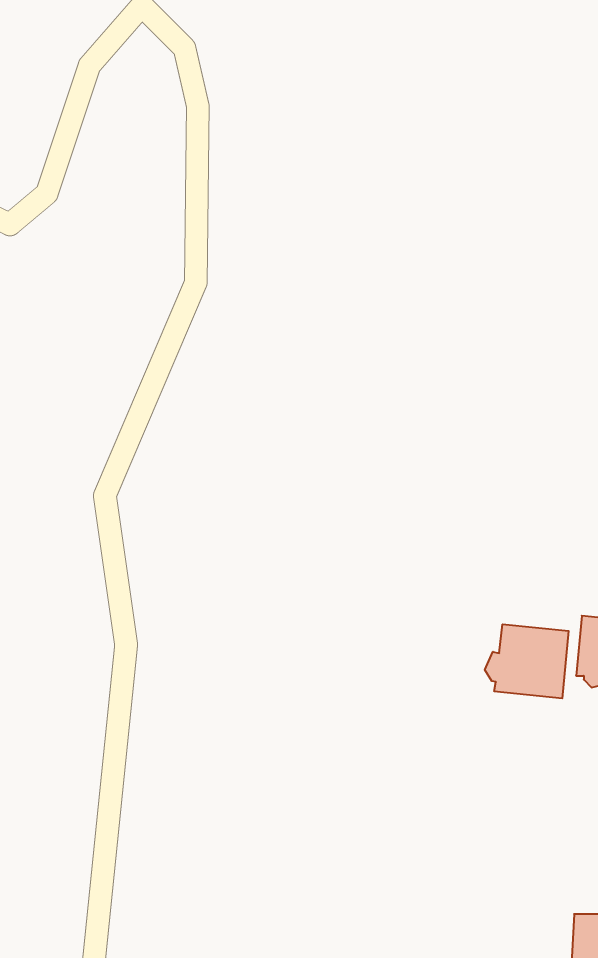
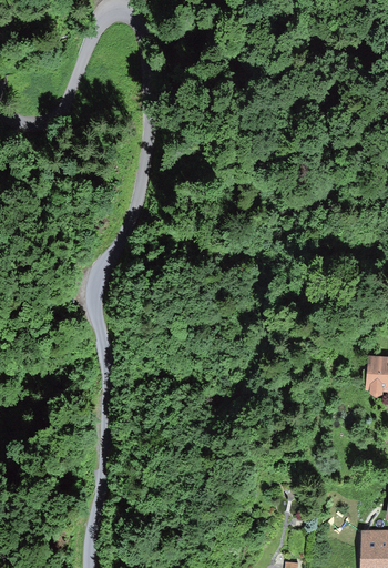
building: [485,624,569,698] -> none

